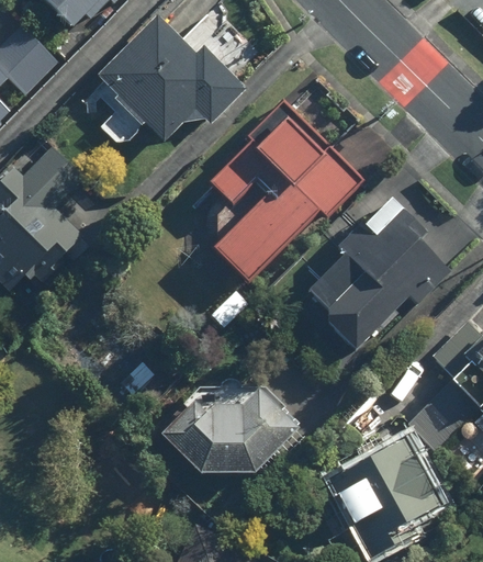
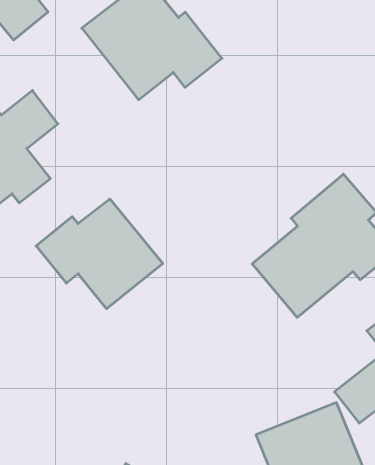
building: [210,99,362,281] -> none
building: none -> [36,199,163,309]
building: [161,384,301,473] -> none

